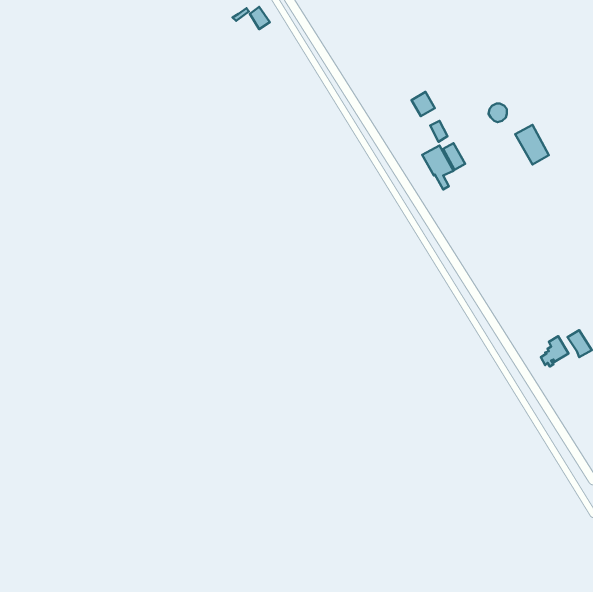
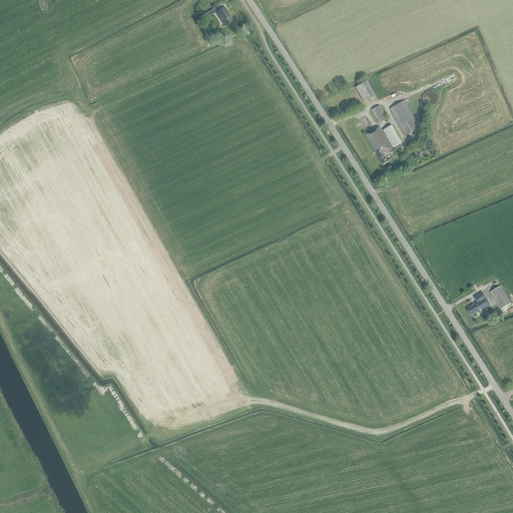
building: [515,125,549,164] -> [389,99,418,133]

